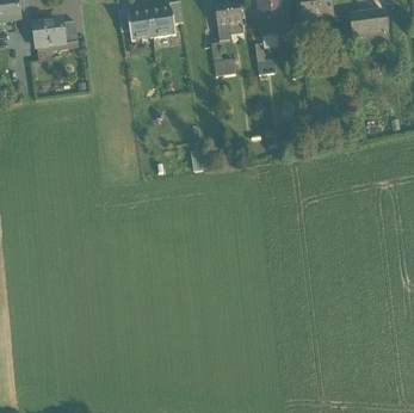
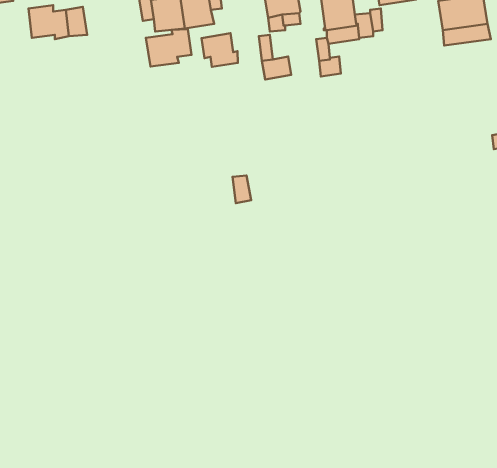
building: none -> [146,29,192,67]
building: none -> [201,33,238,67]

